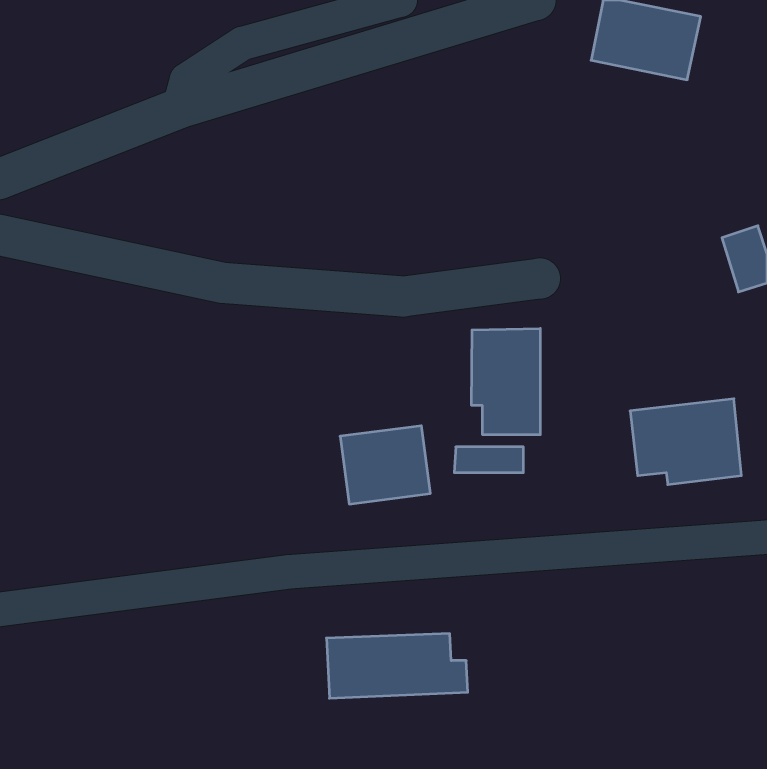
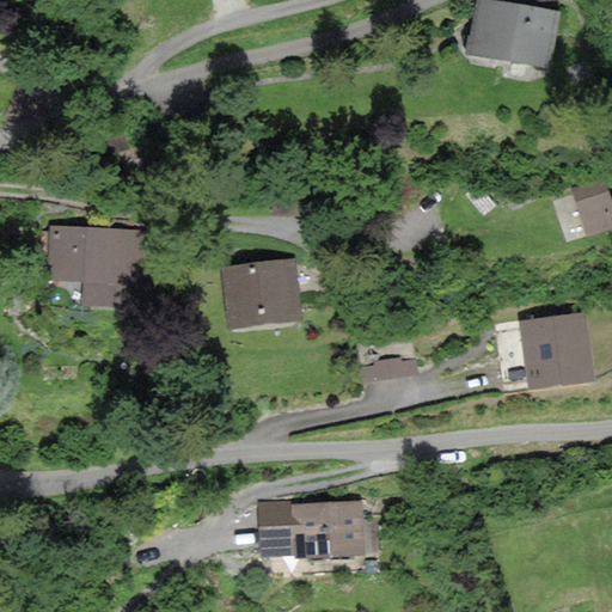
building: none -> [50,230,137,301]
building: [472,328,540,435] -> none
building: [340,426,430,504] -> [225,261,296,323]

